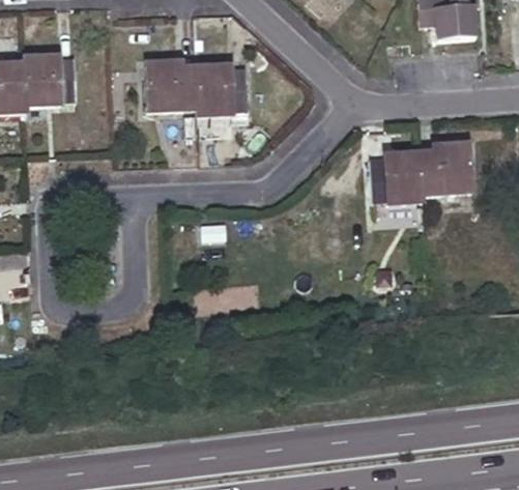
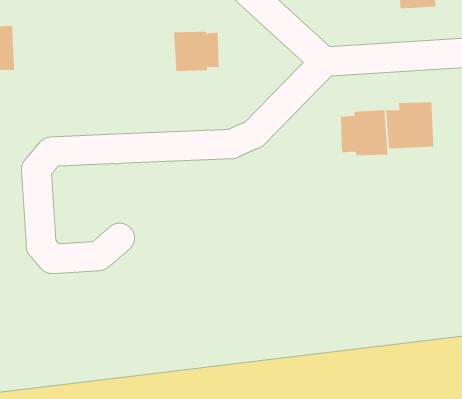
building: [26,54,77,103] -> none
building: [148,71,198,131] -> none

